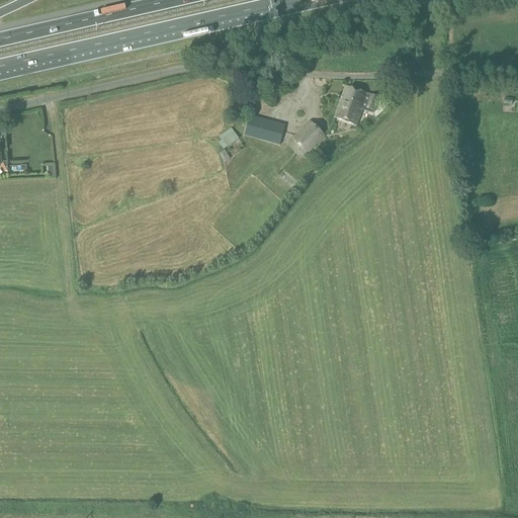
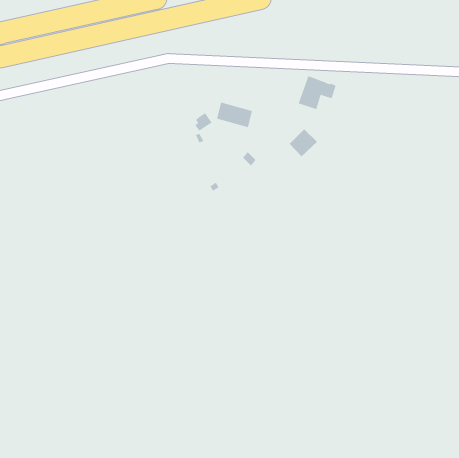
building: [293,119,326,152] -> [289,128,318,157]

